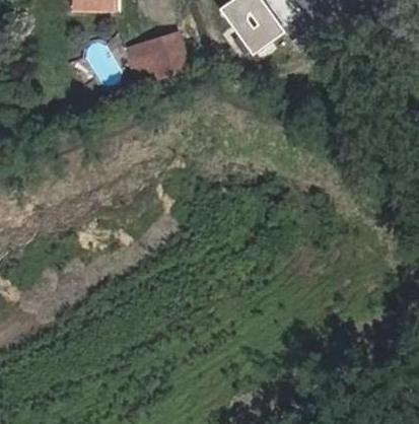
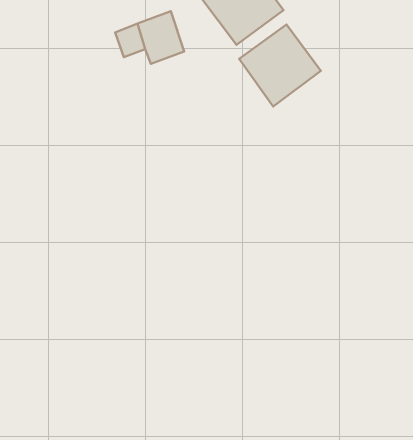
building: none -> [239,24,321,106]

